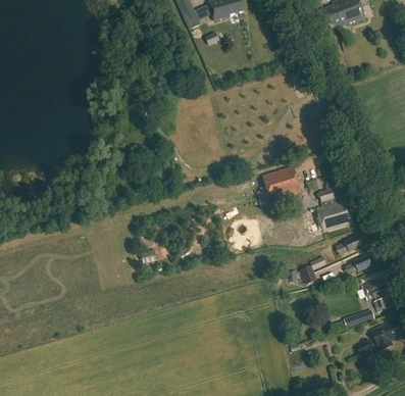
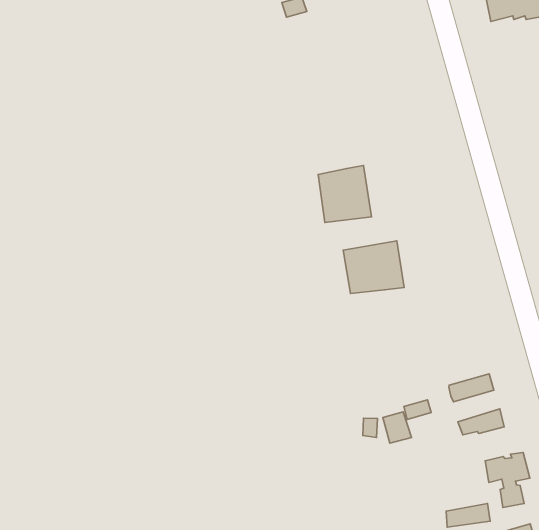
building: none -> [318,165,371,223]
building: [318,187,355,231] -> none

